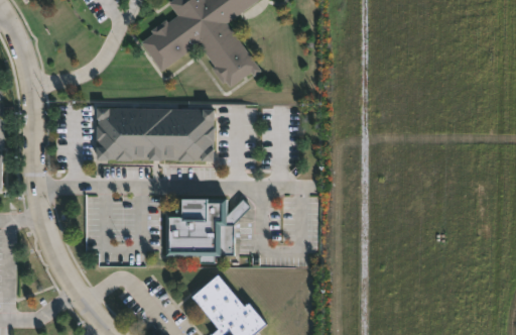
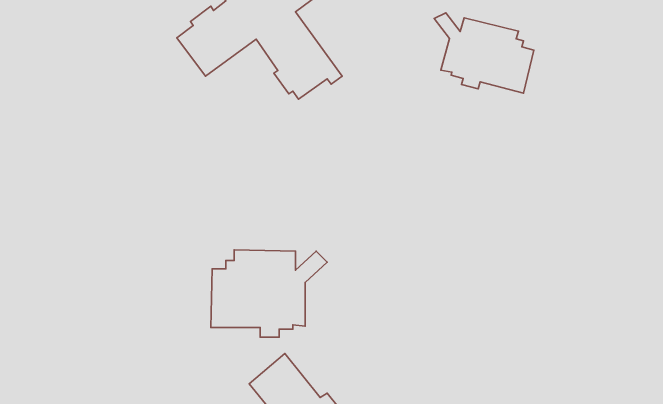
building: none -> [434,13,534,93]
building: [97,109,216,161] -> none

